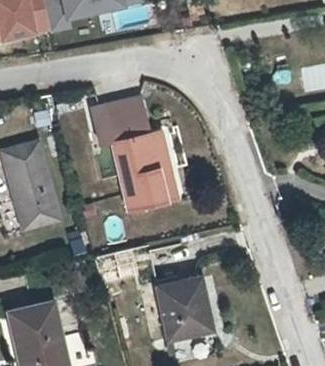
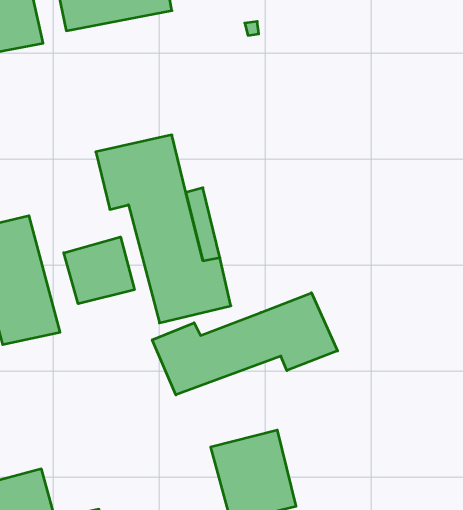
building: none -> [64,237,134,304]
building: none -> [152,293,338,395]

